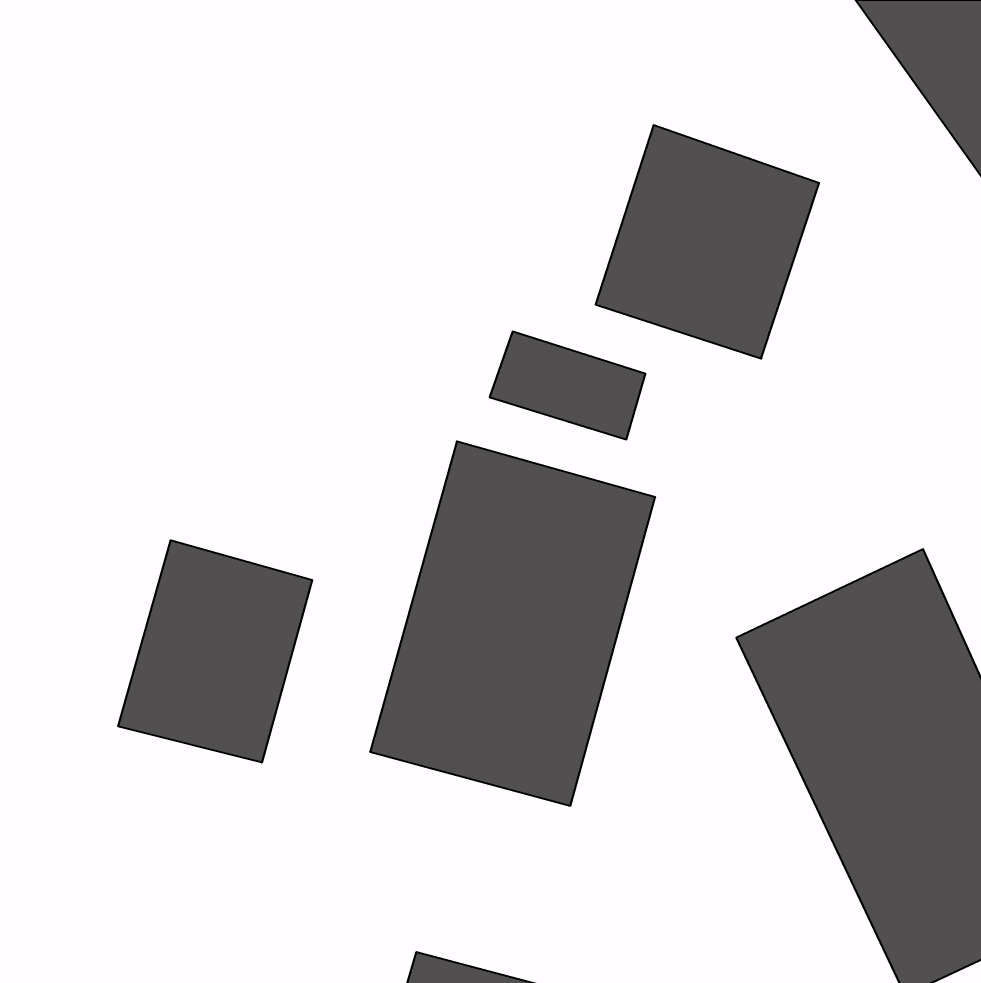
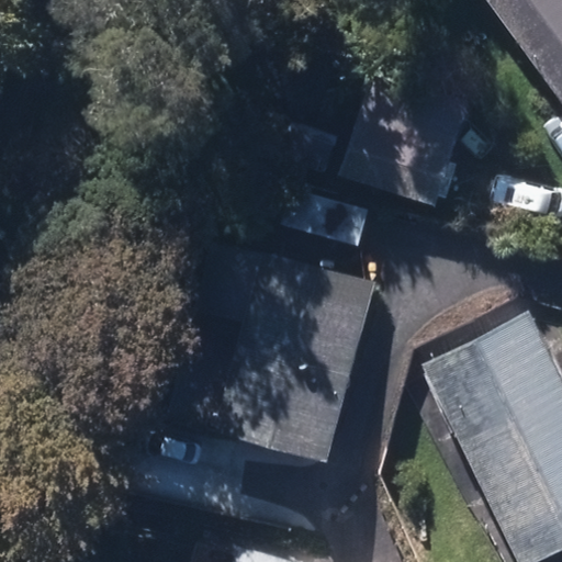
building: [118,540,312,763] -> none

